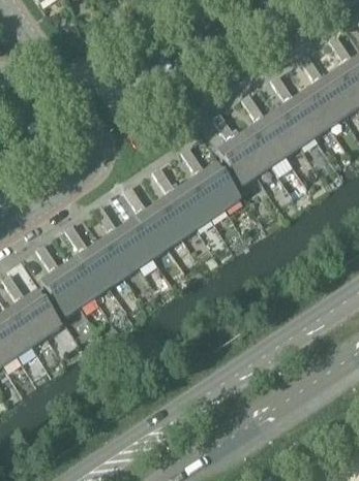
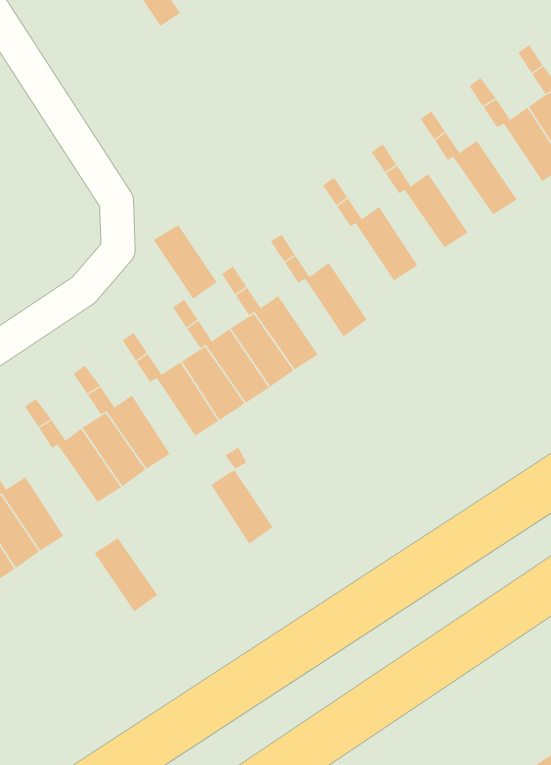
building: [304,83,342,127] -> none
building: [275,102,313,147] -> none
building: [246,122,285,166] -> none
building: [217,141,255,186] -> none
building: [186,174,225,219] -> [153,225,217,300]
building: [99,233,137,278] -> [211,470,273,545]
building: [40,272,79,317] -> [94,537,158,612]

